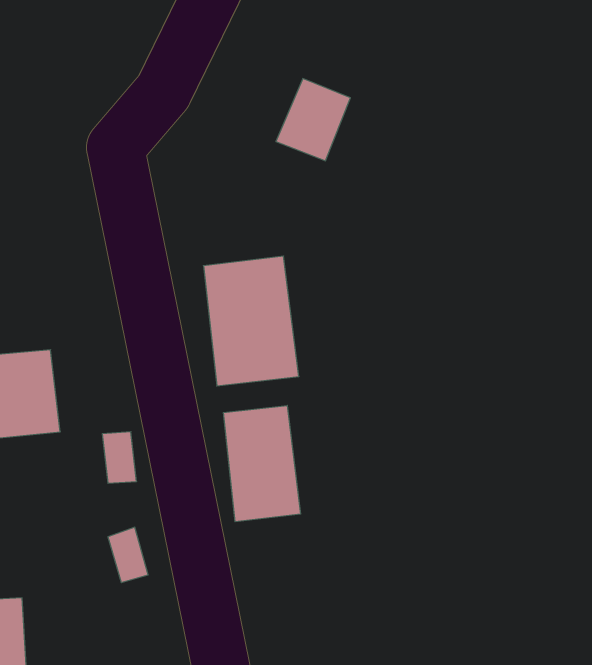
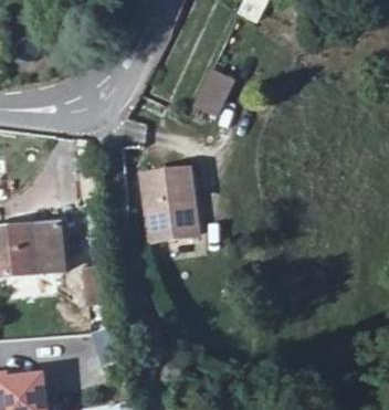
building: [223,405,300,522] -> none

